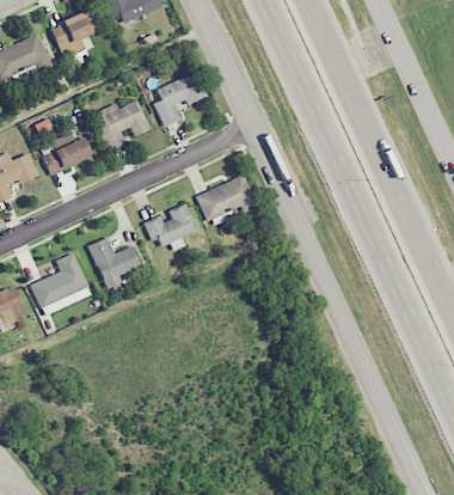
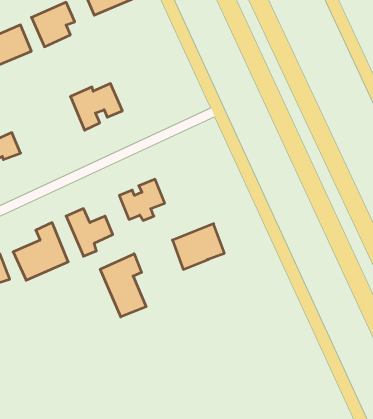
building: [154,73,205,126] -> none
building: [42,138,92,173] -> none
building: [198,176,256,226] -> [172,224,224,269]
building: none -> [100,254,146,317]

